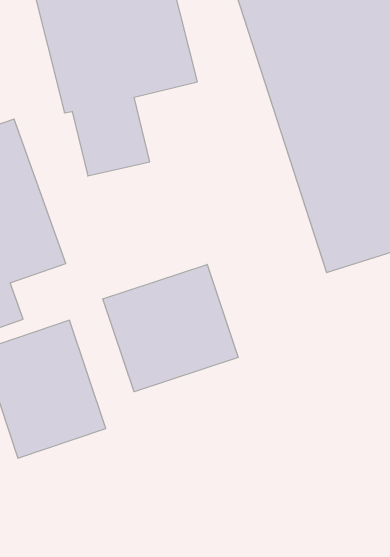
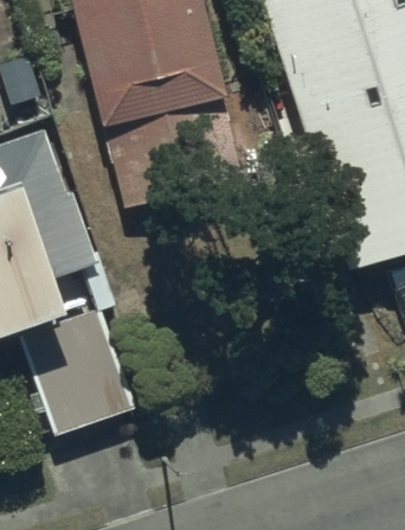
building: [103,264,238,392] -> none

